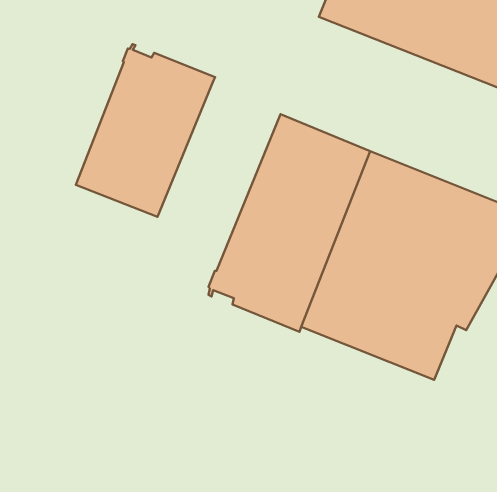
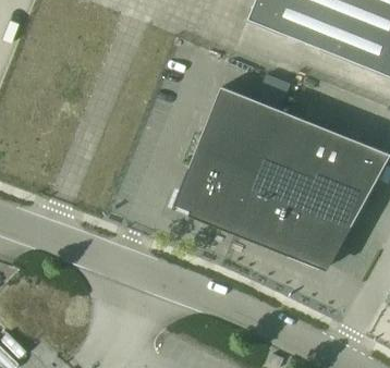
building: [76,44,215,217] -> none

